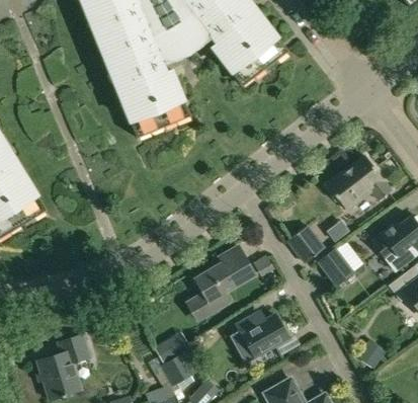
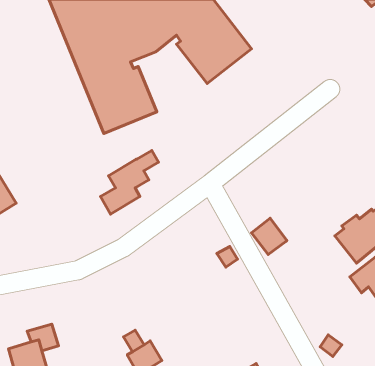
building: [326,156,391,211] -> none
building: [317,240,362,287] -> none
building: [187,253,247,319] -> [101,150,159,214]
building: [230,311,288,361] -> none

